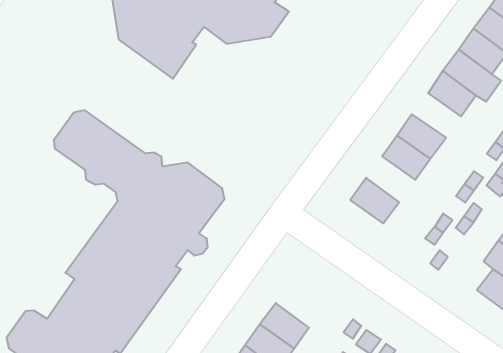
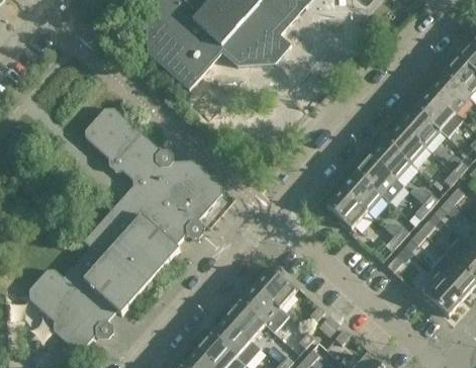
building: none -> [384,124,424,163]
building: none -> [341,173,381,212]
building: none -> [255,268,295,308]

